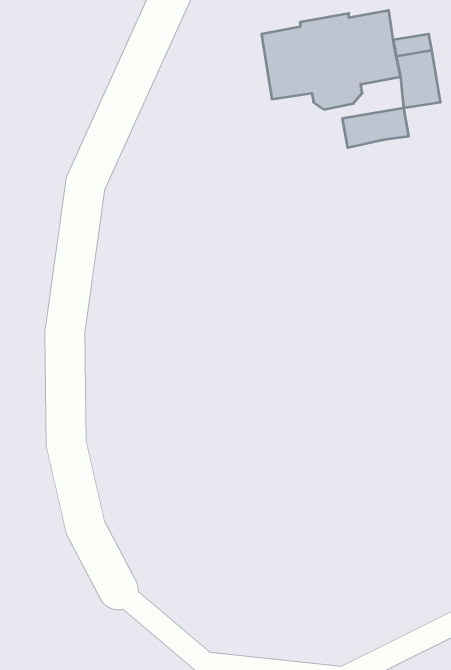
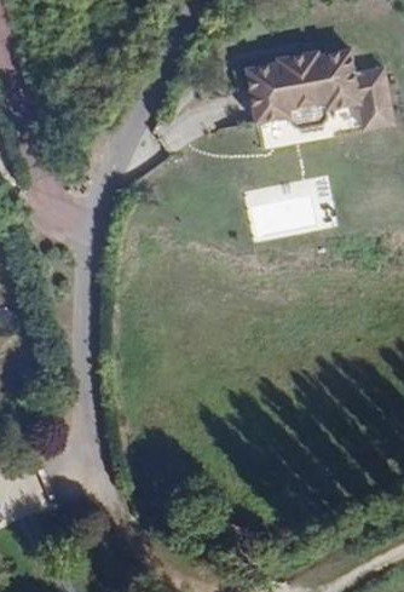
building: [343,108,408,148] -> none

